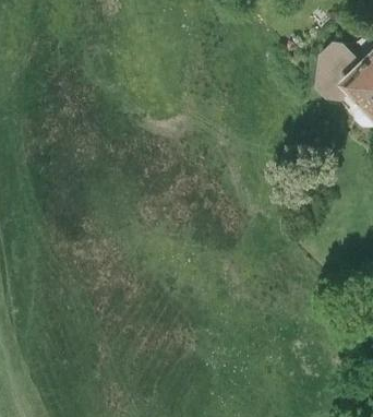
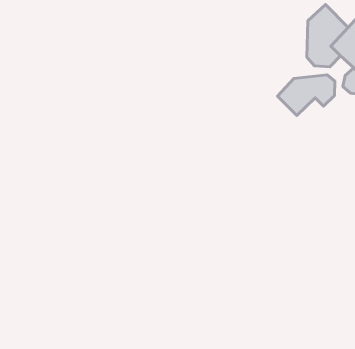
building: none -> [277,75,335,115]

